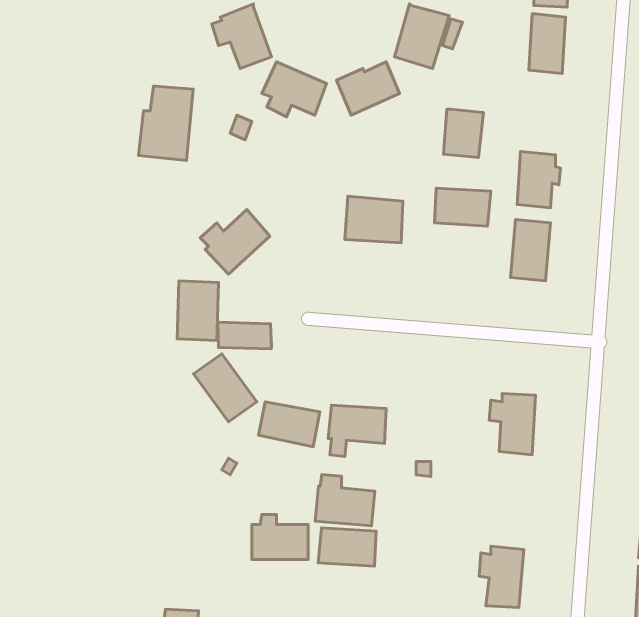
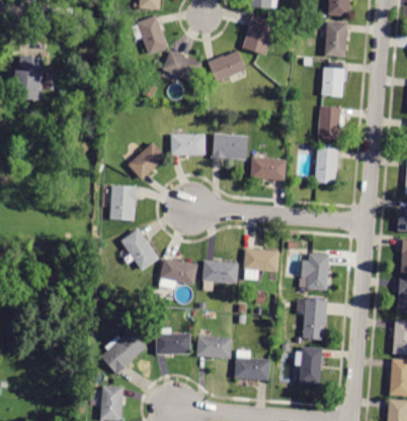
building: [138,86,193,161] -> [11,54,45,99]
building: [444,109,483,157] -> [321,67,345,96]
building: [435,188,491,226] -> [251,156,286,180]
building: none -> [172,134,206,155]
building: [218,322,271,349] -> none
building: none -> [244,249,279,280]
building: none -> [303,298,328,340]
building: [315,475,375,526] -> [234,349,270,380]
building: none -> [100,329,147,373]

